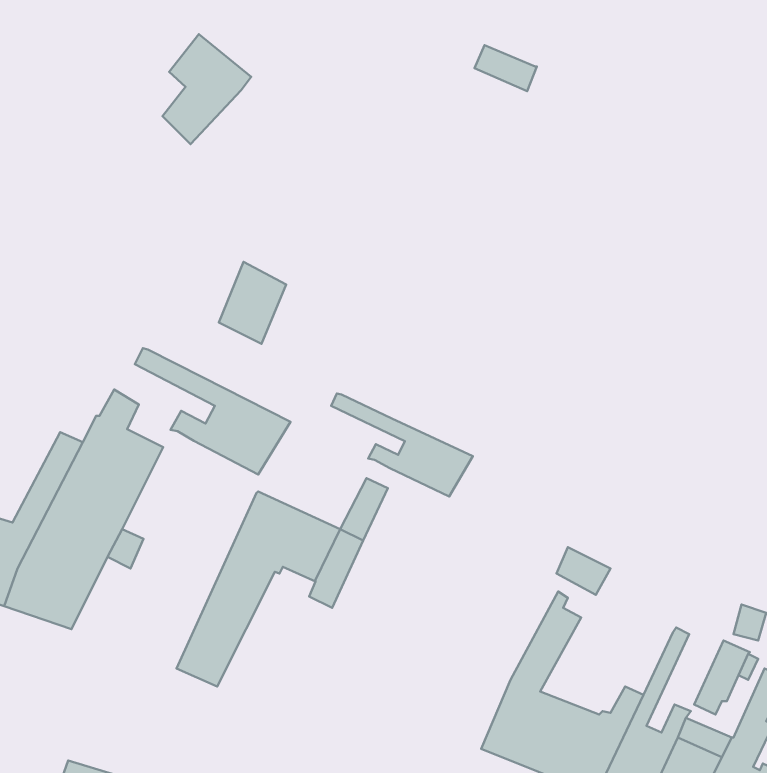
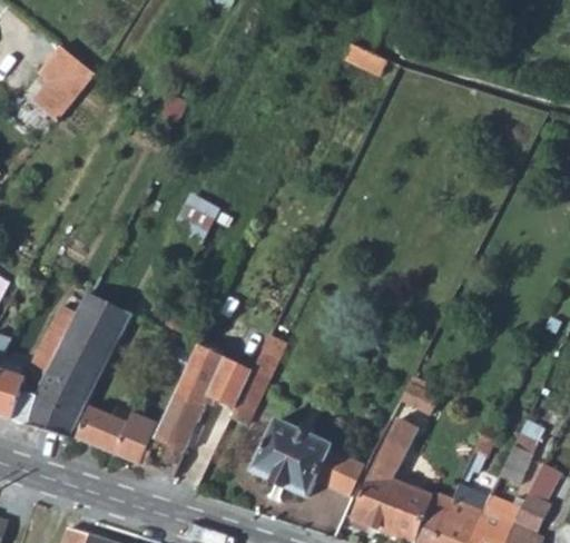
building: [163,34,251,144] -> [36,48,96,122]
building: [135,348,290,474] -> none
building: [331,393,473,496] -> none
building: none -> [76,407,156,464]
building: none -> [252,421,364,497]

